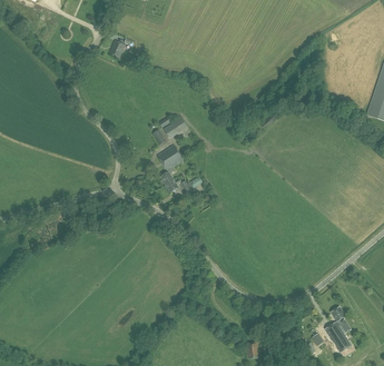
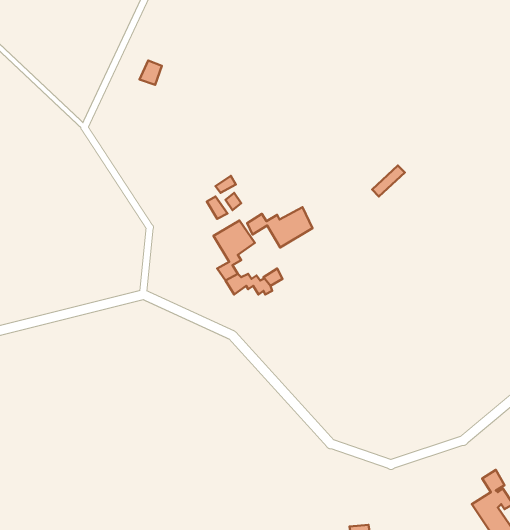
building: none -> [247,207,313,247]

